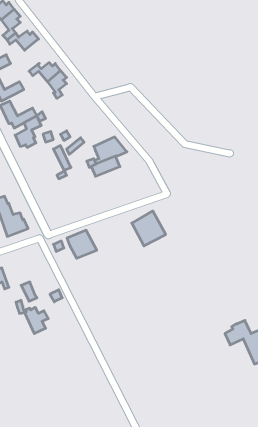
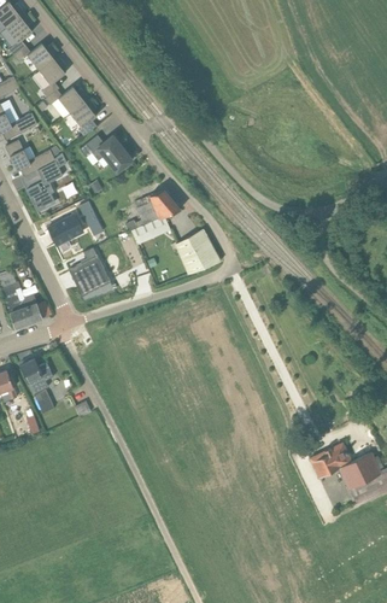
building: none -> [39,54,65,98]
building: none -> [80,135,133,172]
building: none -> [48,211,83,241]
building: [132,211,166,246] -> [172,229,219,277]
building: [67,230,97,258] -> [71,258,112,297]
building: [25,307,48,334] -> [19,358,52,394]

